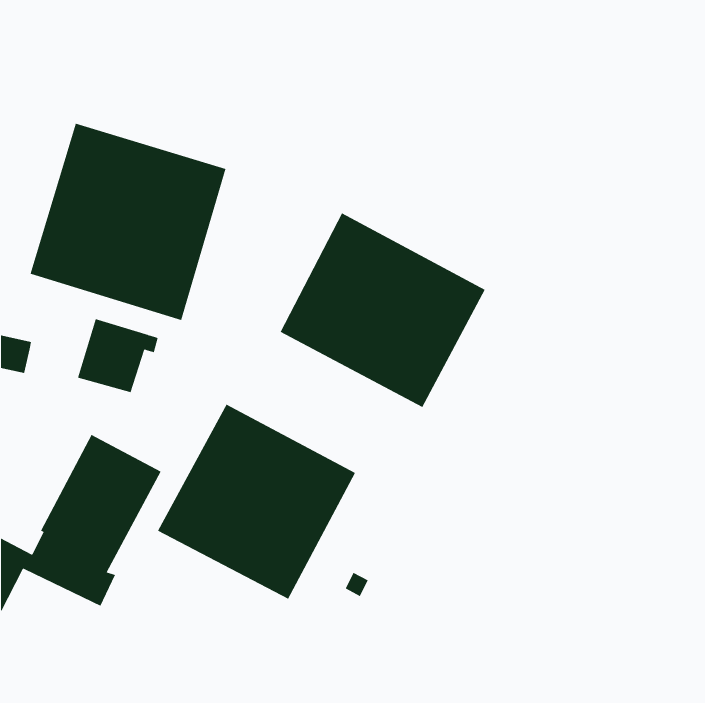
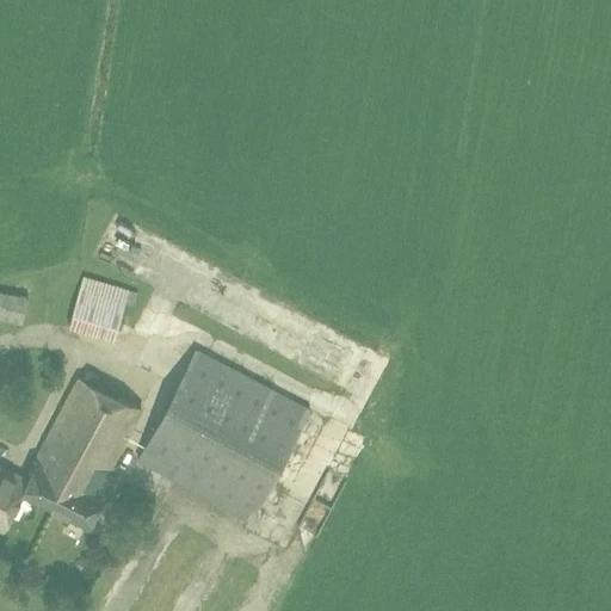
building: [30,123,226,321] -> none
building: [280,213,486,408] -> none

